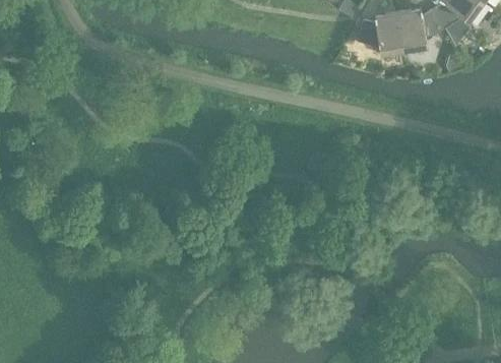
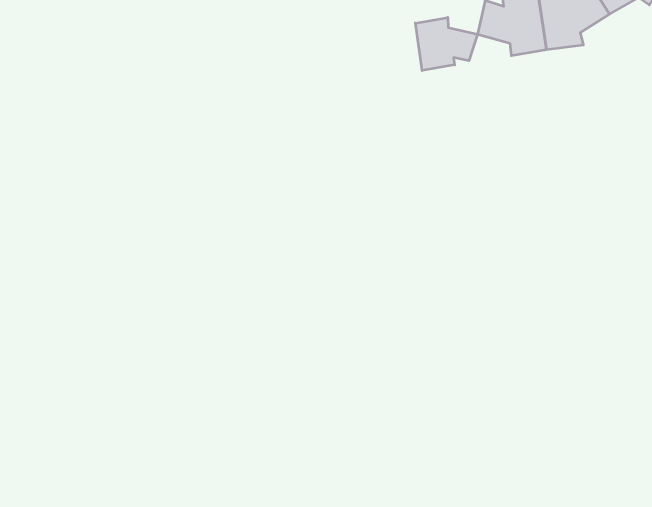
building: none -> [415,17,477,71]

